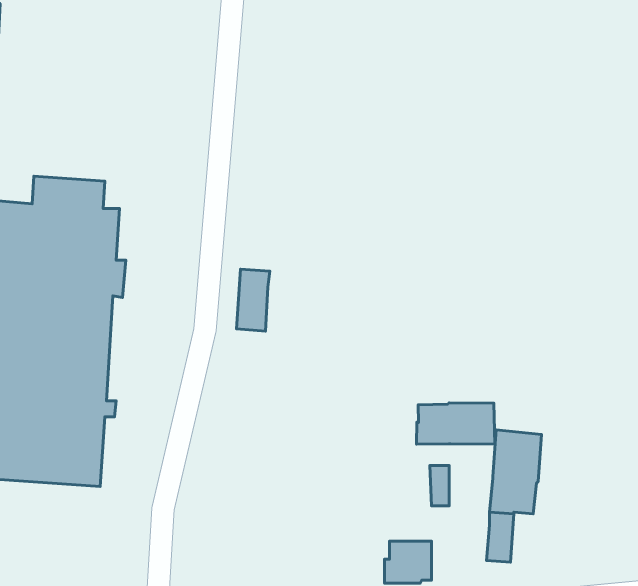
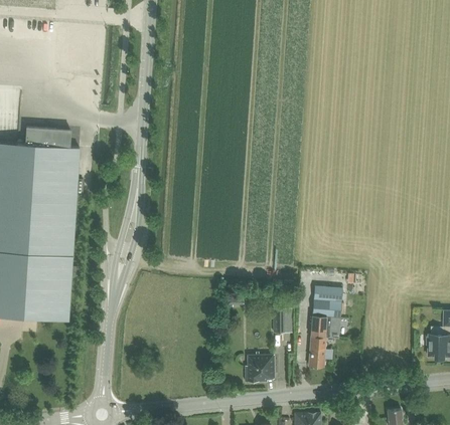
building: [236,269,270,331] -> none
building: [417,403,495,444] -> none

